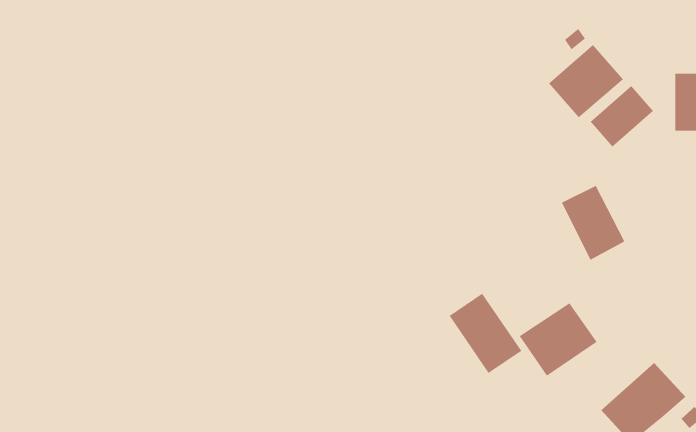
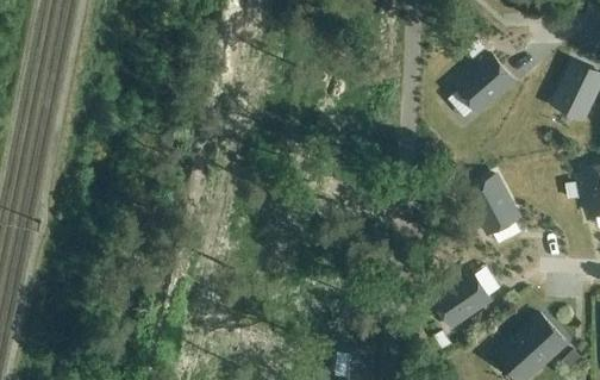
building: [590,85,654,147] -> none
building: [449,293,522,374] -> none

